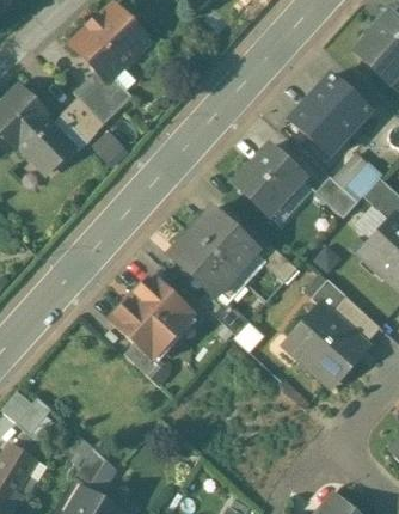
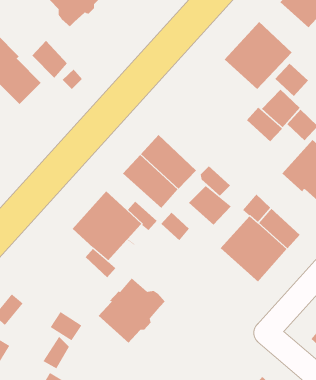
building: [74,72,133,124] -> none
building: none -> [275,63,309,97]
building: [234,146,303,215] -> none
building: none -> [188,185,231,226]
building: none -> [98,277,166,343]
building: none -> [50,311,82,341]

